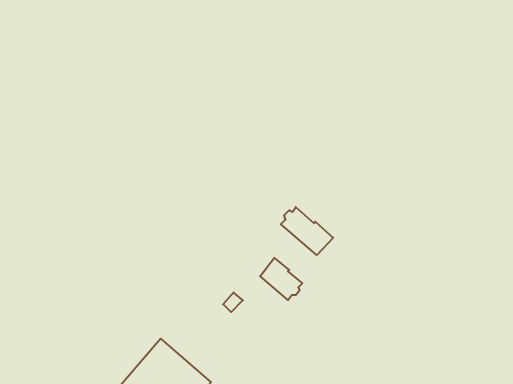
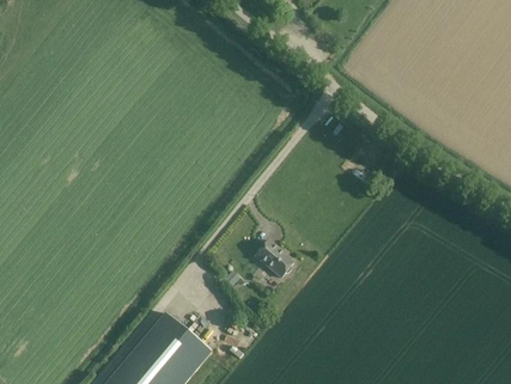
building: [281,207,333,255] -> none

